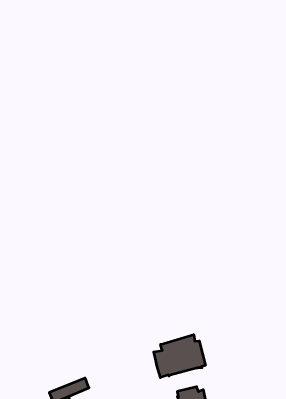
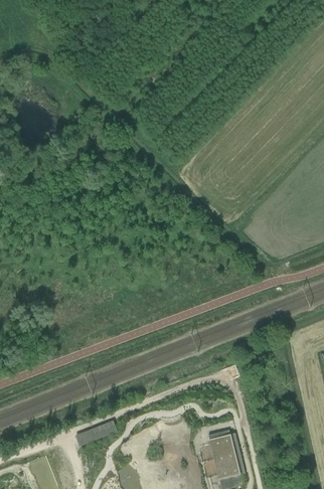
building: [154,335,205,378] -> none

